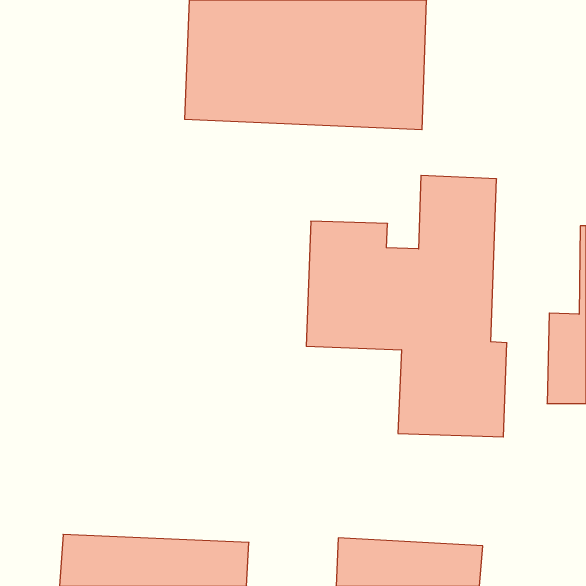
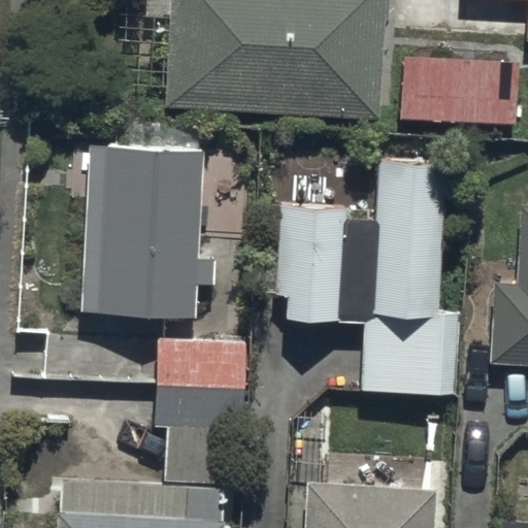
building: none -> [397,54,518,122]
building: none -> [87,148,220,317]
building: none -> [154,338,245,482]

